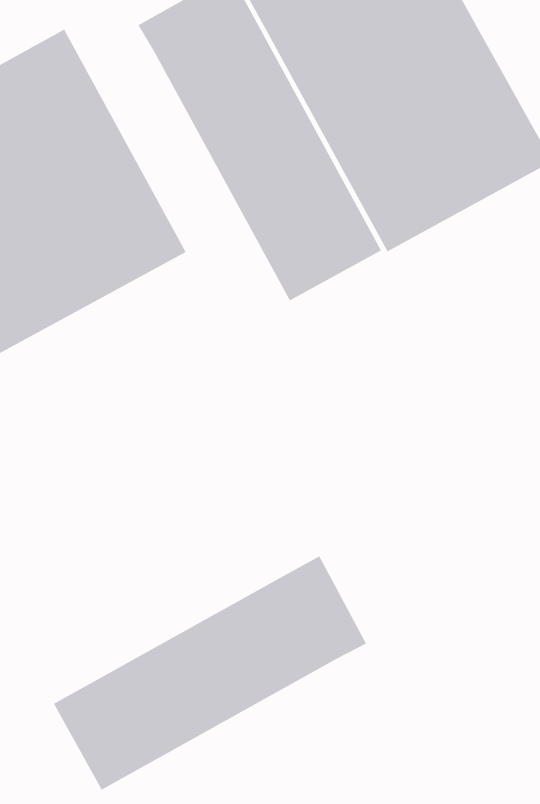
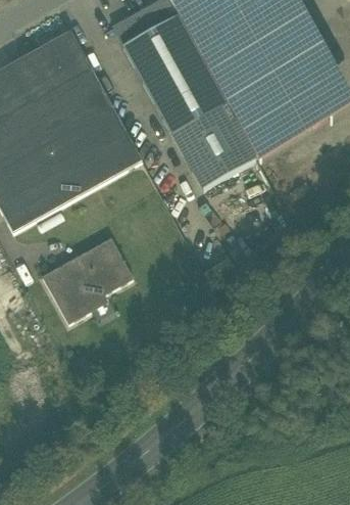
building: none -> [42,237,133,323]
building: [53,556,367,790] -> none

